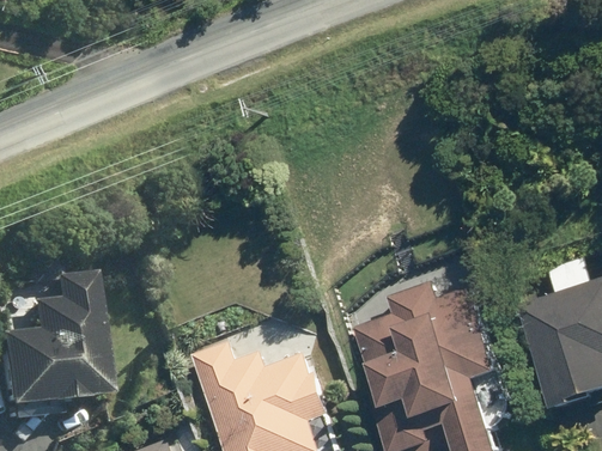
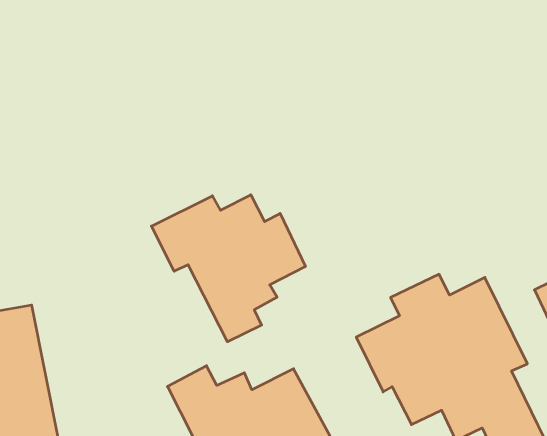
building: none -> [151,195,305,342]

